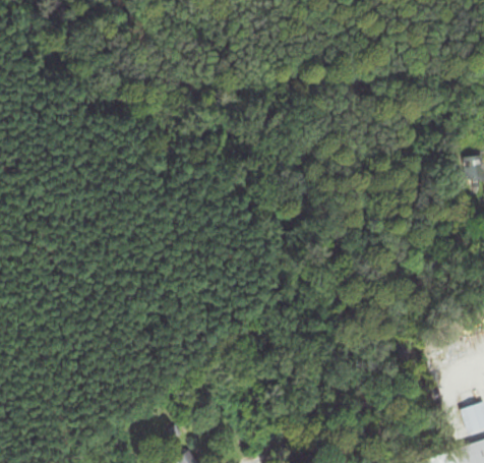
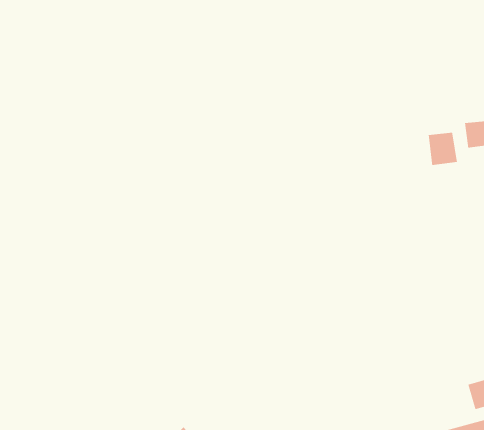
building: none -> [428,132,458,166]

